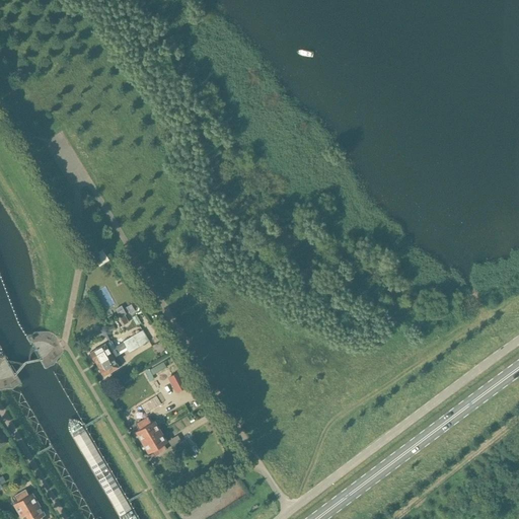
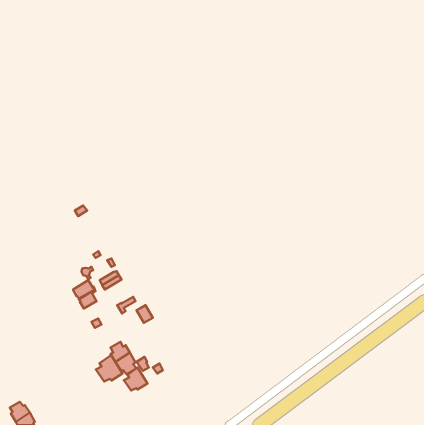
building: none -> [96,355,123,382]
building: none -> [124,368,147,391]

